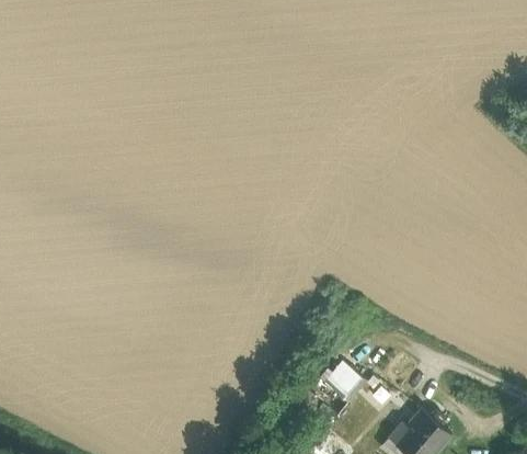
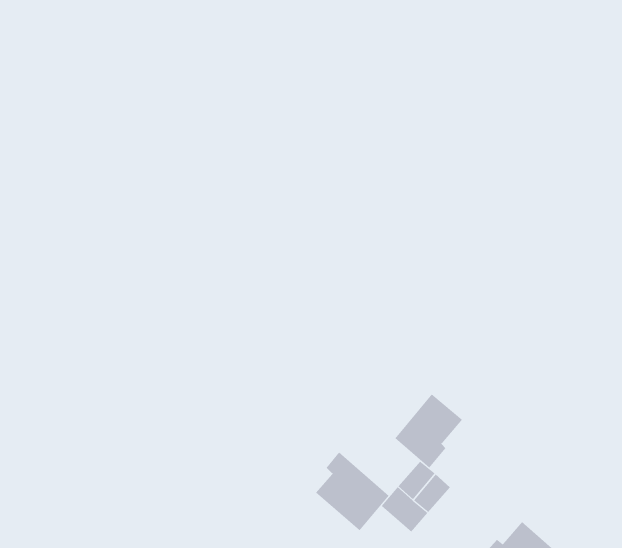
building: none -> [394,393,463,469]
building: none -> [315,451,389,531]

